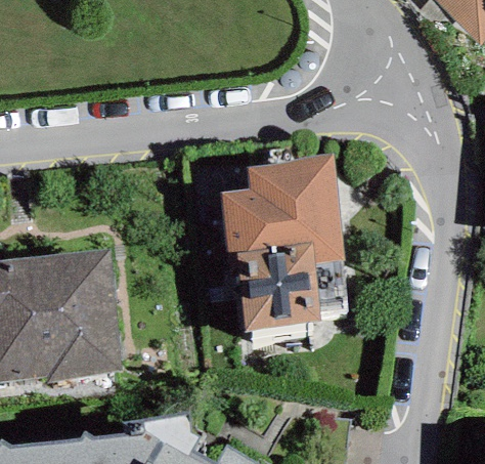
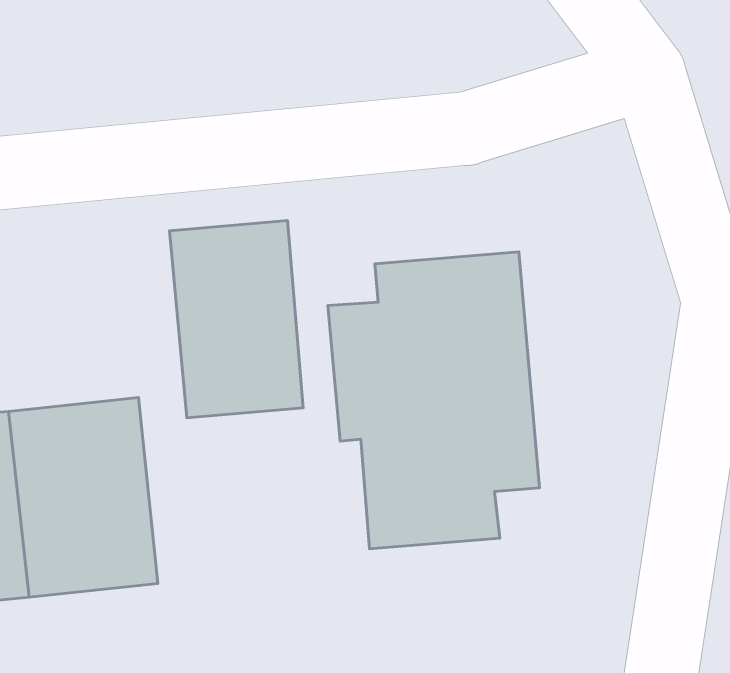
building: none -> [170,220,303,418]

